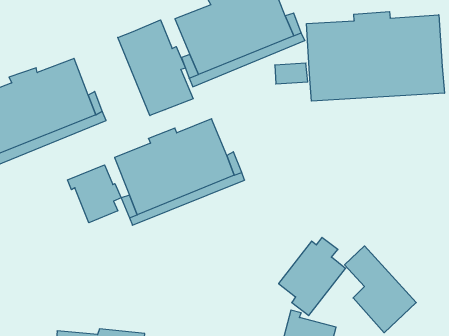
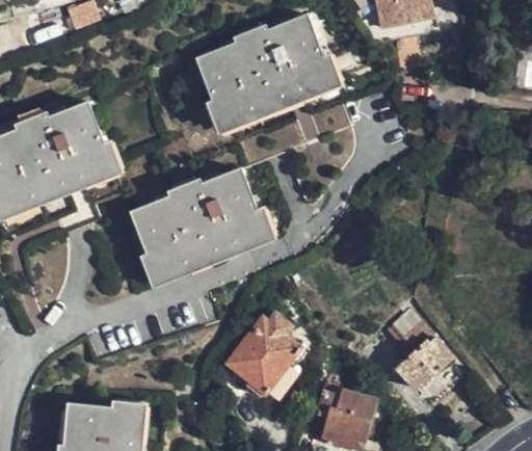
building: [307,12,444,101] -> none
building: [118,20,193,116] -> none
building: [67,165,121,223] -> none
building: [279,237,346,316] -> [225,312,299,398]

